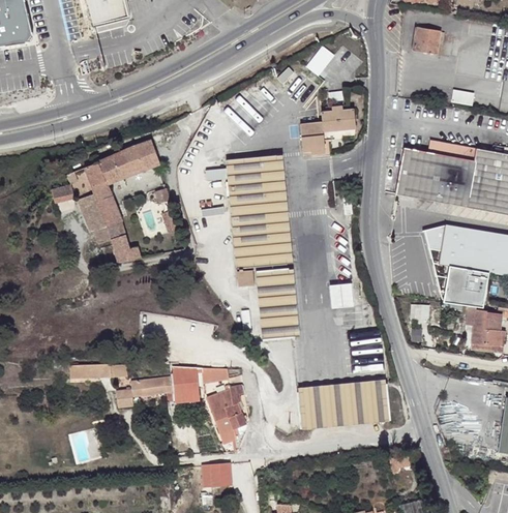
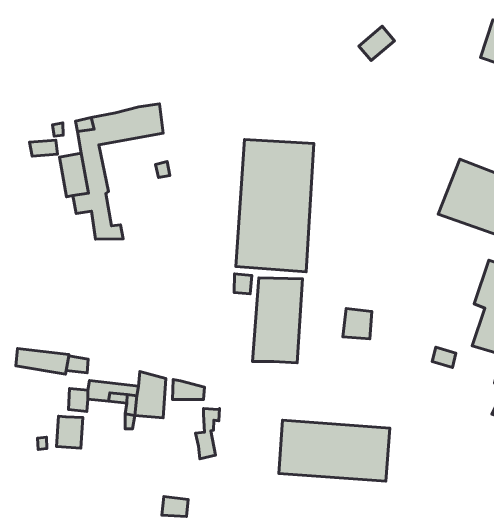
building: [302,109,357,154] -> none
building: [422,224,449,298] -> none
building: [208,392,236,442] -> none
building: none -> [56,416,83,448]

